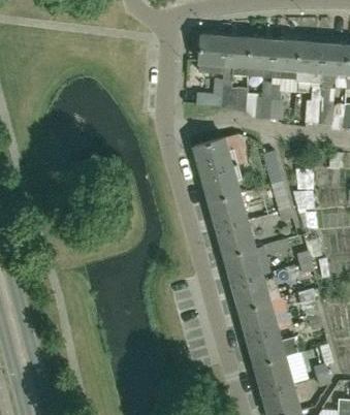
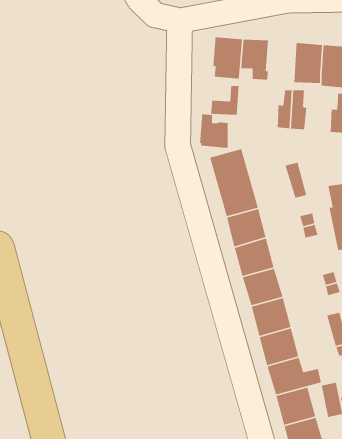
building: [247,37,274,76] -> none
building: [220,78,247,110] -> [199,113,229,148]

